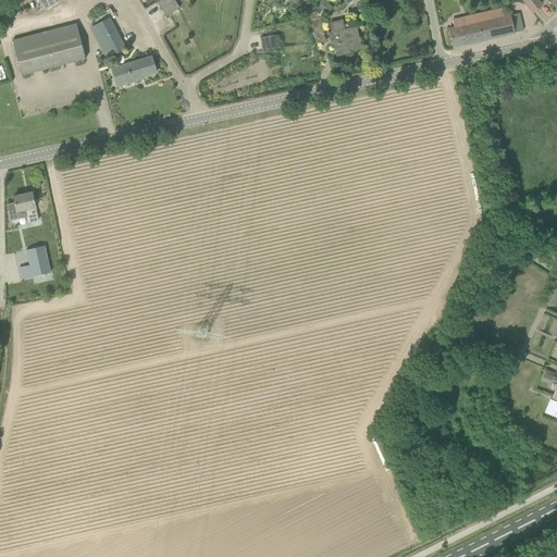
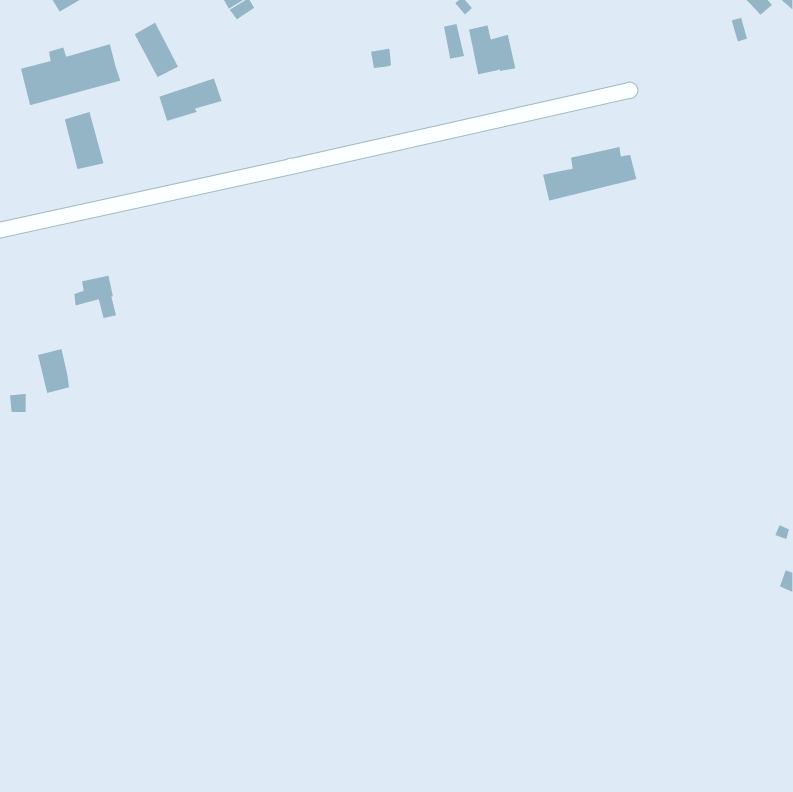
building: [447,8,513,46] -> [542,147,637,201]
building: none -> [64,111,104,170]
building: [7,190,37,221] -> [73,275,117,319]

